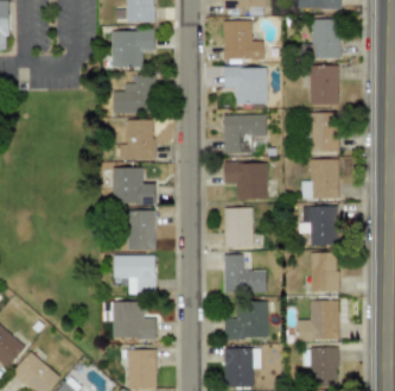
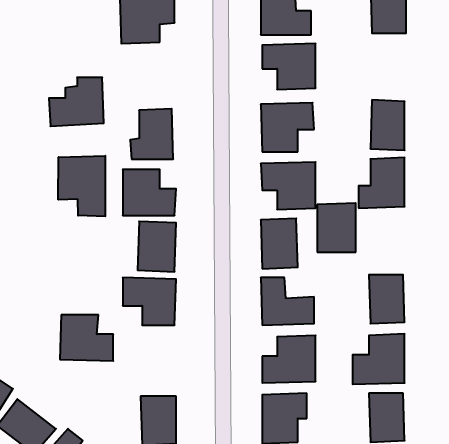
building: [310,65,338,105] -> none
building: [112,75,155,114] -> [49,77,104,126]
building: none -> [58,156,105,216]
building: [307,206,338,245] -> [317,203,356,252]
building: [113,302,155,339] -> [60,315,113,361]

